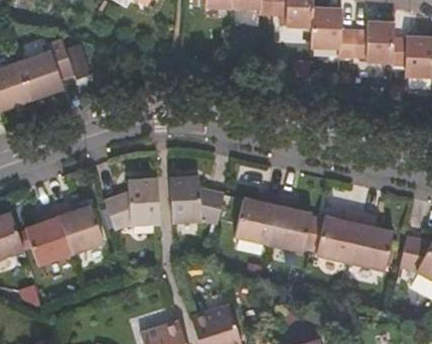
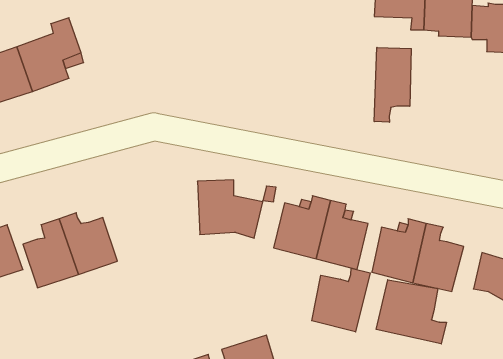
building: none -> [374,47,411,122]
building: [104,181,157,230] -> none
building: none -> [312,268,370,332]
building: none -> [376,280,446,344]

